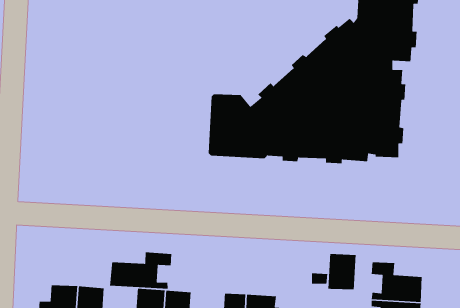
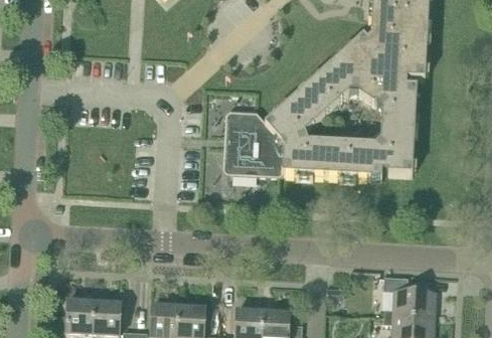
building: [109,252,172,290] -> none
building: [327,253,357,290] -> none

